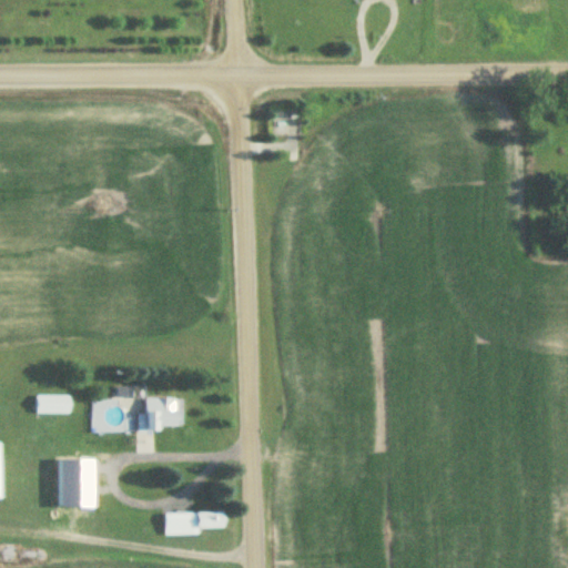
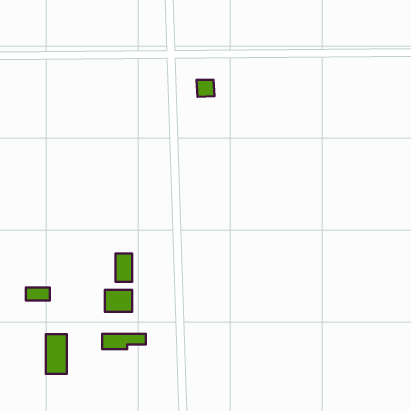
building: none -> [116,254,132,282]
building: [164,513,224,534] -> [102,334,146,349]

